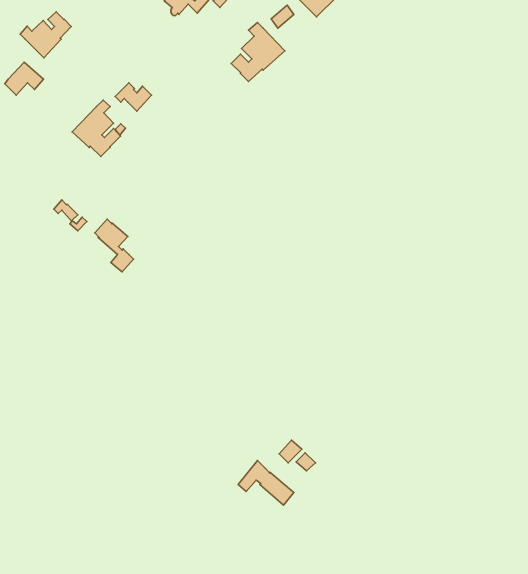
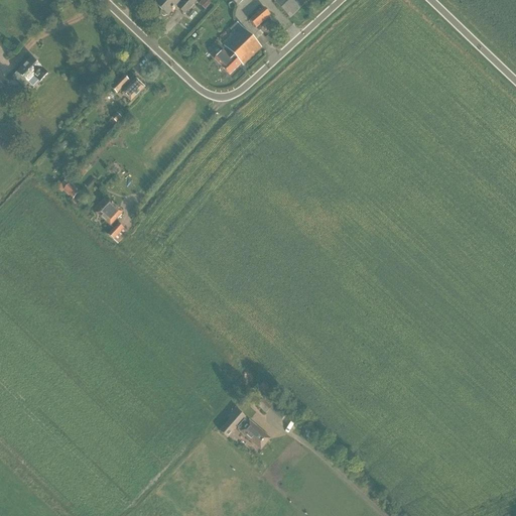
building: [20,12,71,58] -> none
building: [72,100,120,156] -> none

